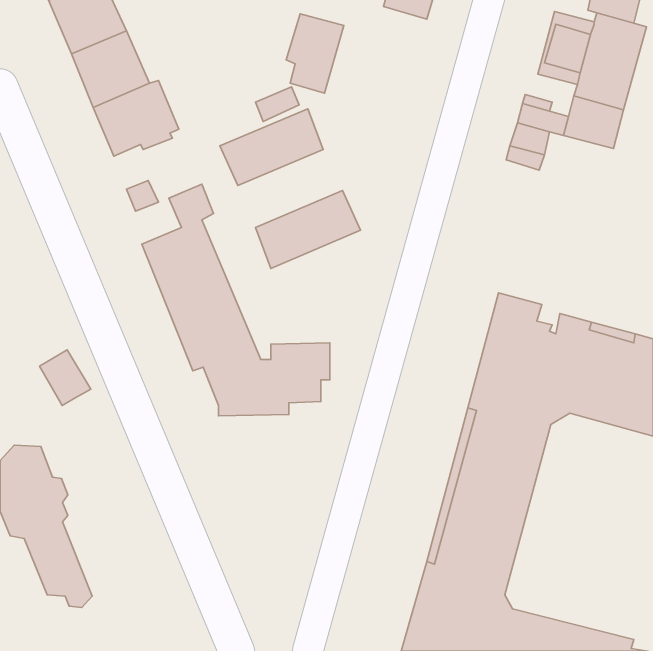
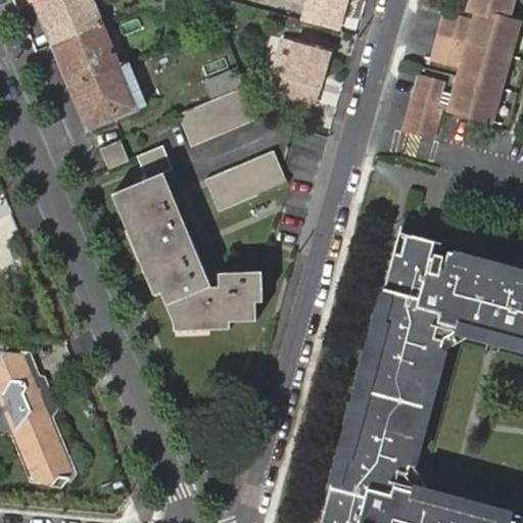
building: [286,14,344,93] -> [285,43,331,106]
building: [40,350,91,406] -> none

